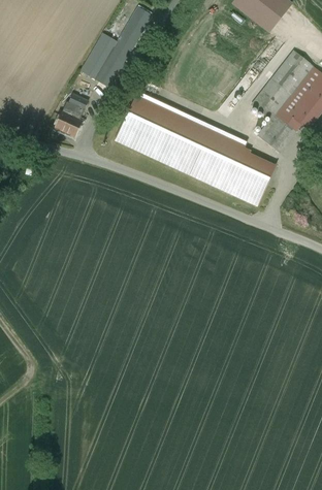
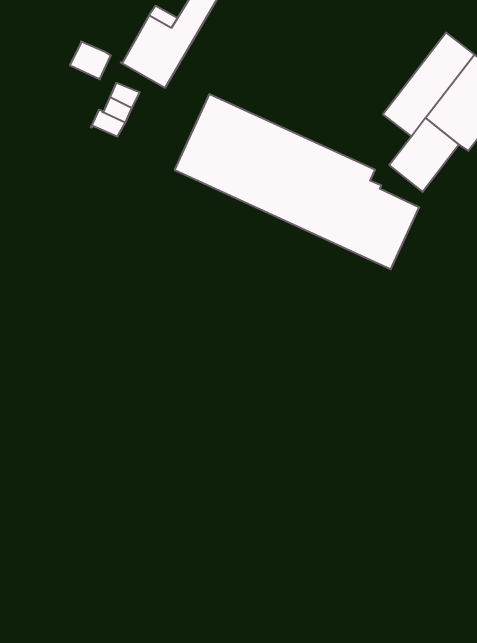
building: [55,111,82,136] -> [70,41,111,79]

